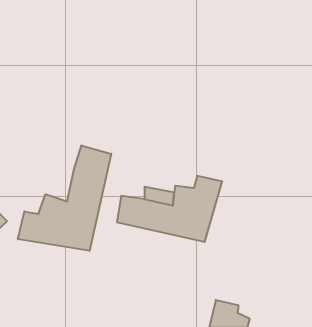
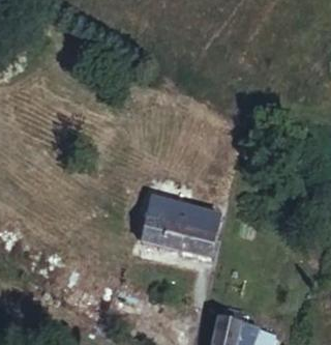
building: [18,145,111,251] -> none

